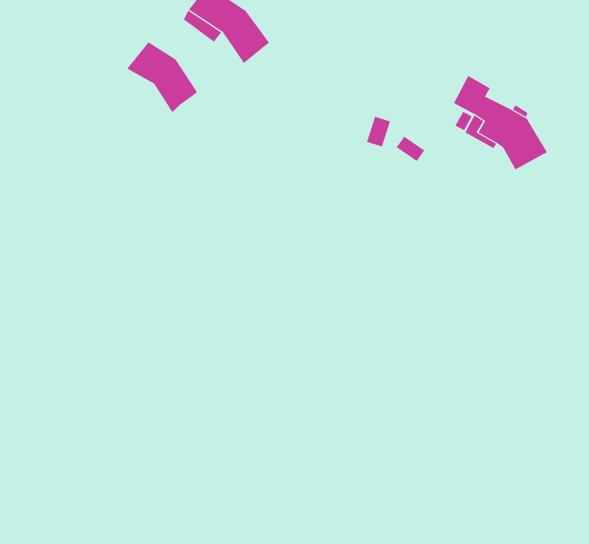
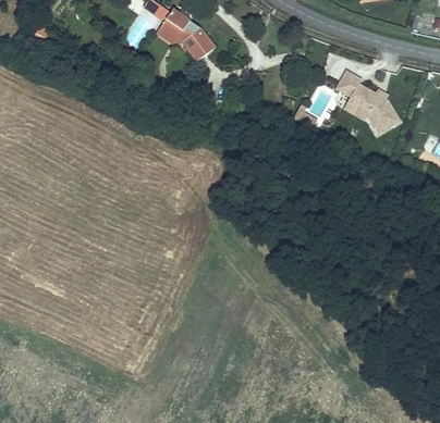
building: [127,41,198,113] -> none

